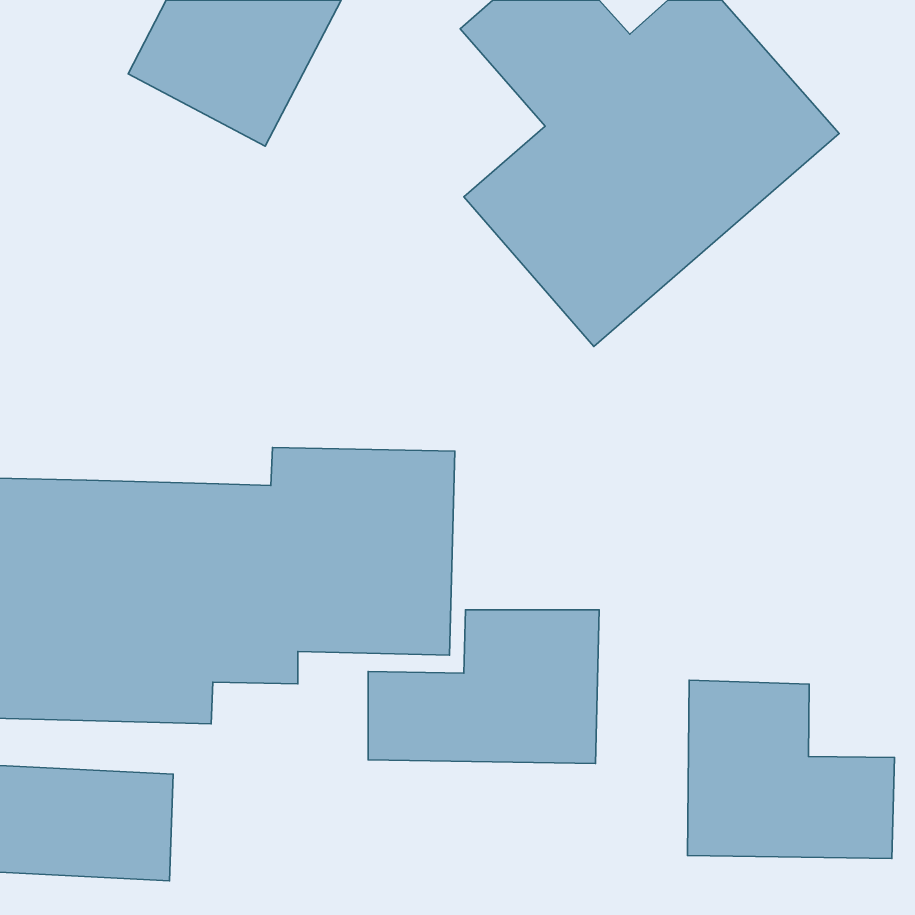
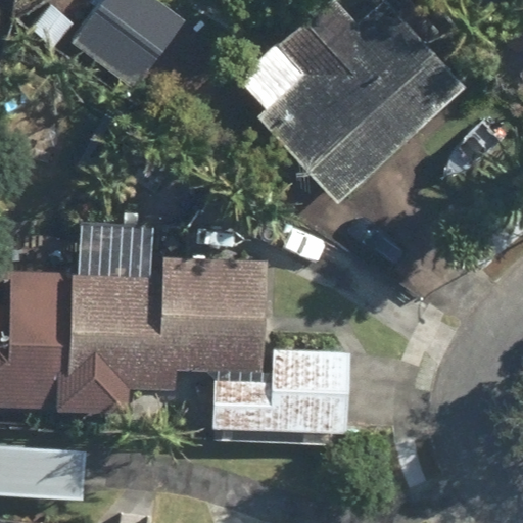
building: [687,680,895,859] -> none

